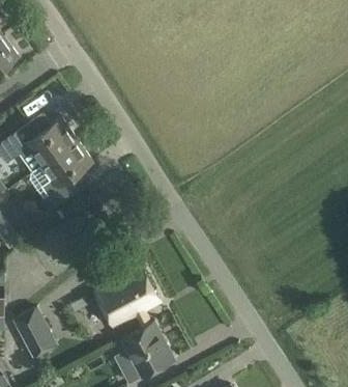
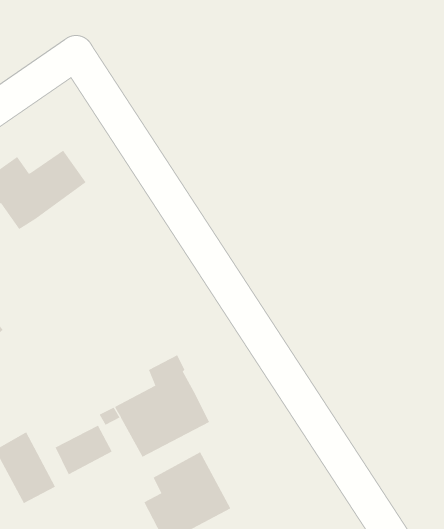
building: [41,140,92,206] -> none
building: none -> [55,425,112,475]

